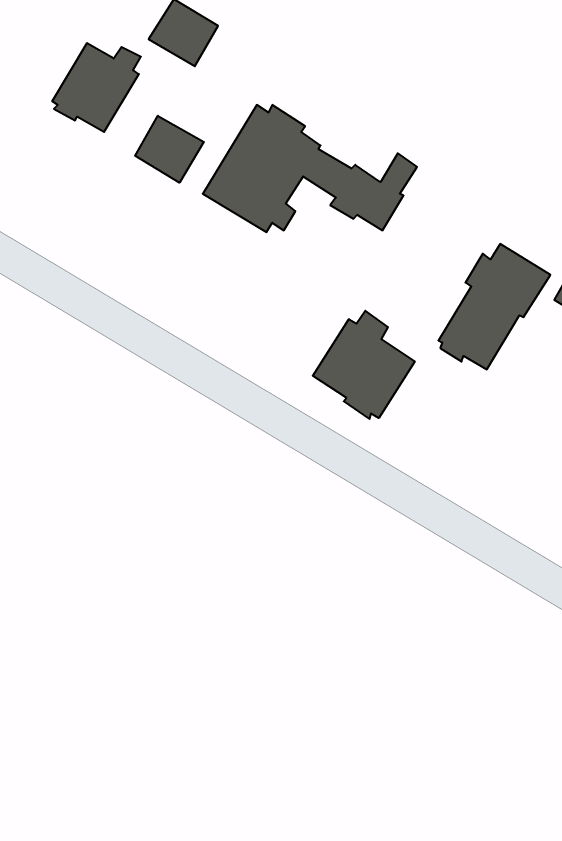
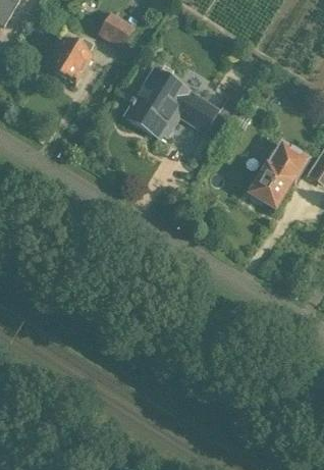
building: [135,116,204,183] -> none
building: [313,311,415,419] -> none

